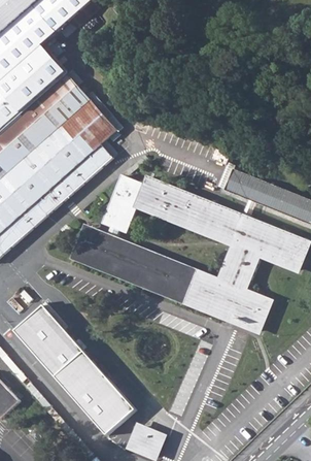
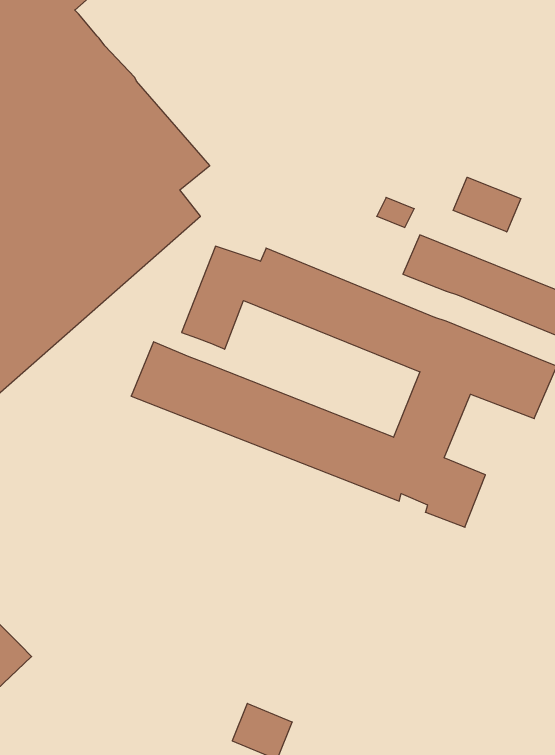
building: none -> [453,177,521,232]
building: [12,305,135,438] -> none

